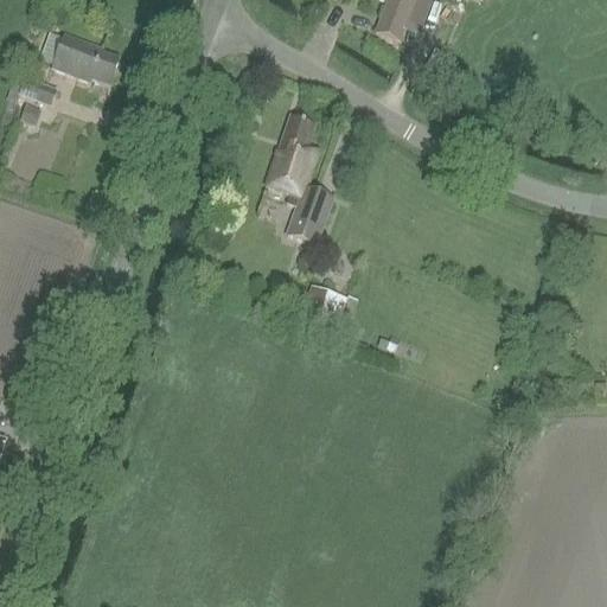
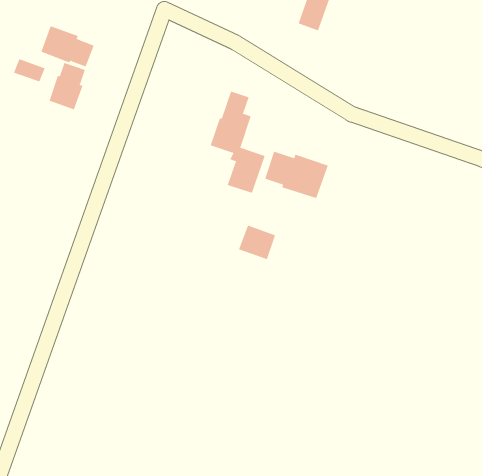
building: none -> [49,62,86,110]
building: none -> [265,151,328,199]

